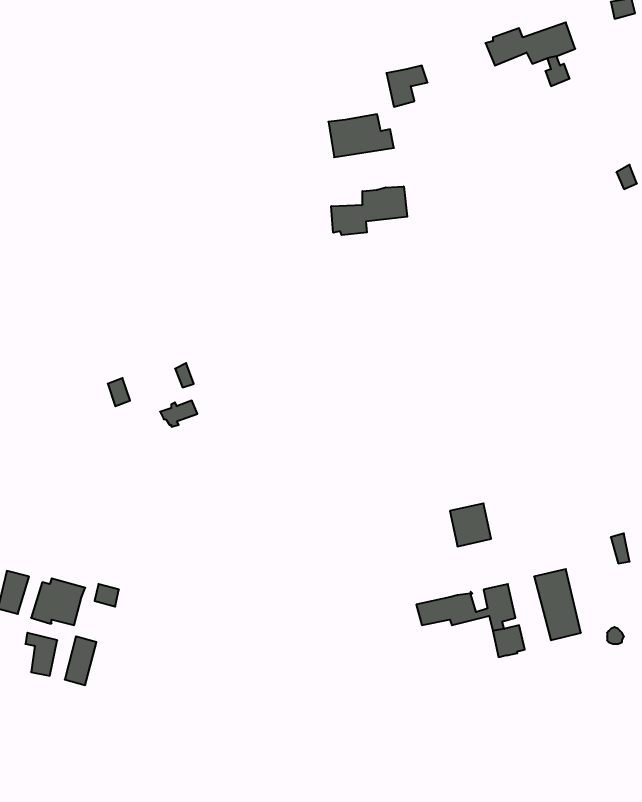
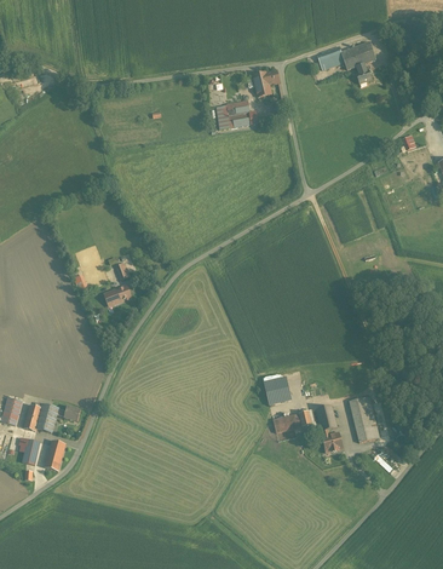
building: [331,186,407,235] -> none
building: [450,503,491,546] -> [264,377,290,404]

